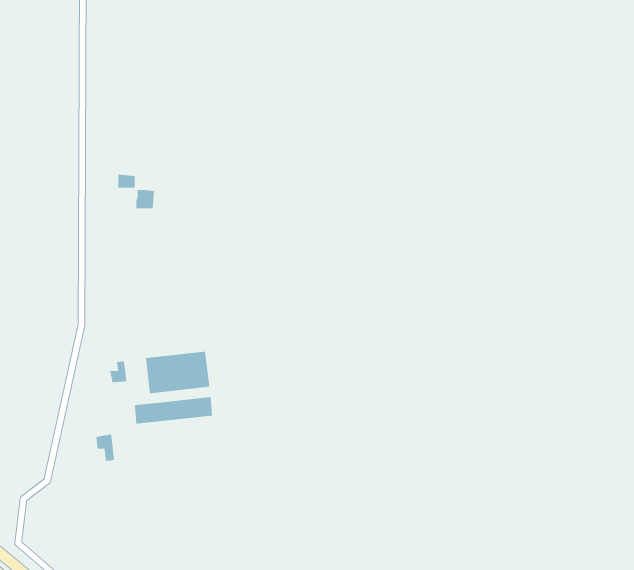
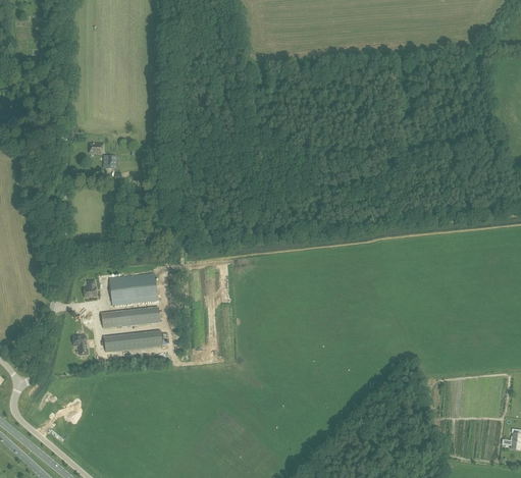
building: none -> [104,331,163,353]

